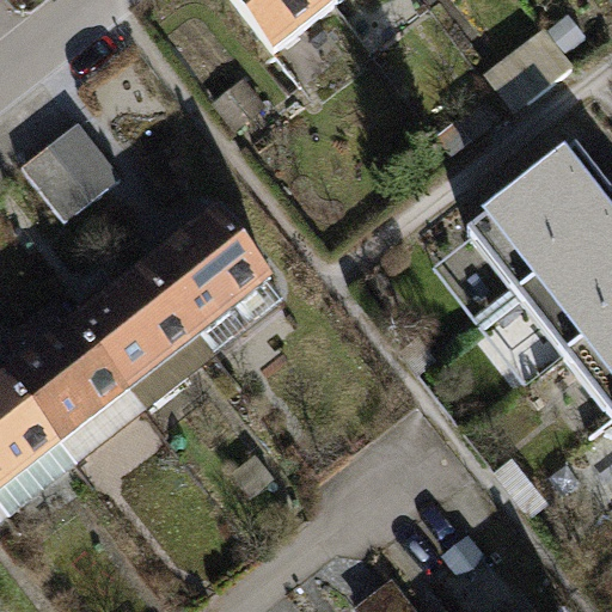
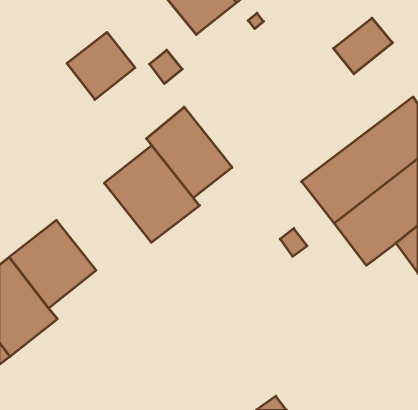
building: [20,118,120,216] -> [67,32,135,100]
building: none -> [146,107,232,198]
building: [82,267,220,408] -> none

